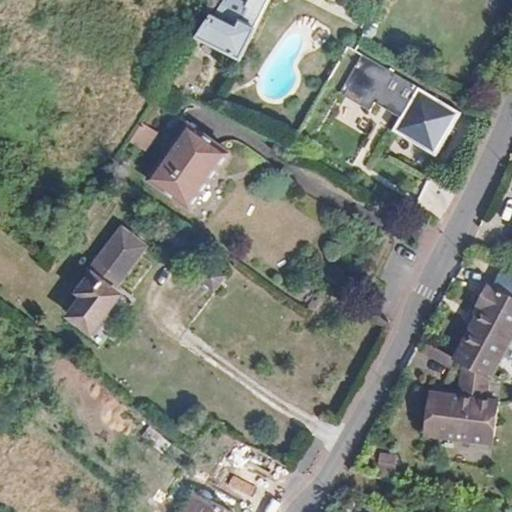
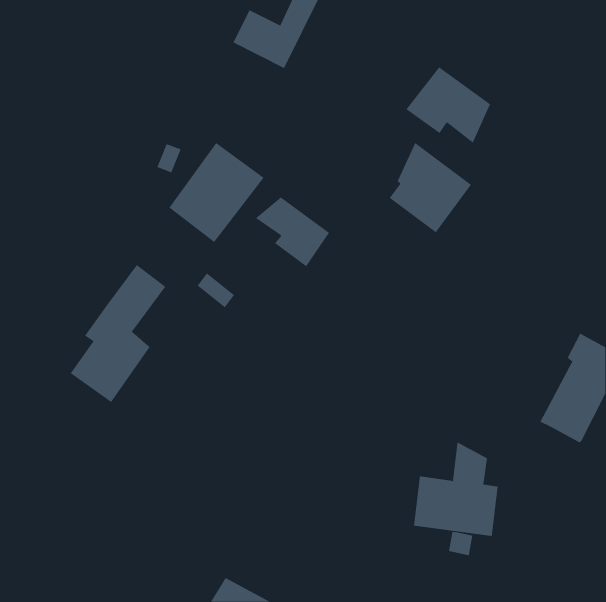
building: [392,88,462,165] -> [389,142,472,233]
building: none -> [255,197,330,267]
building: [426,360,498,440] -> [413,442,498,536]

